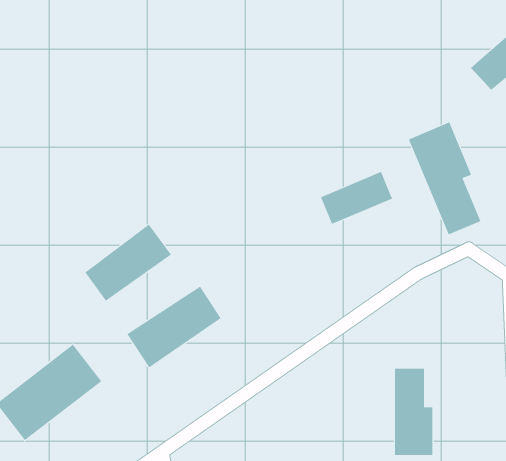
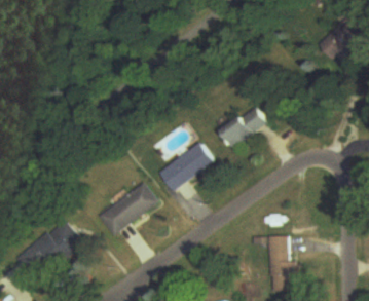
building: [408,122,481,235] -> none
building: [85,224,172,301] -> [157,142,213,191]

